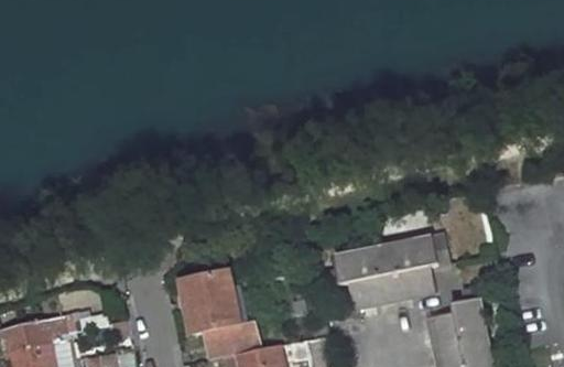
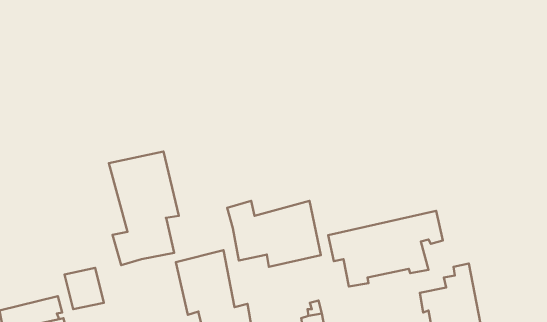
building: none -> [109,151,179,265]
building: none -> [227,201,321,267]

